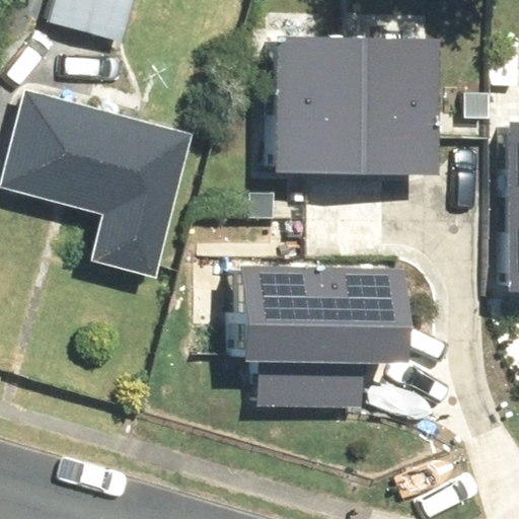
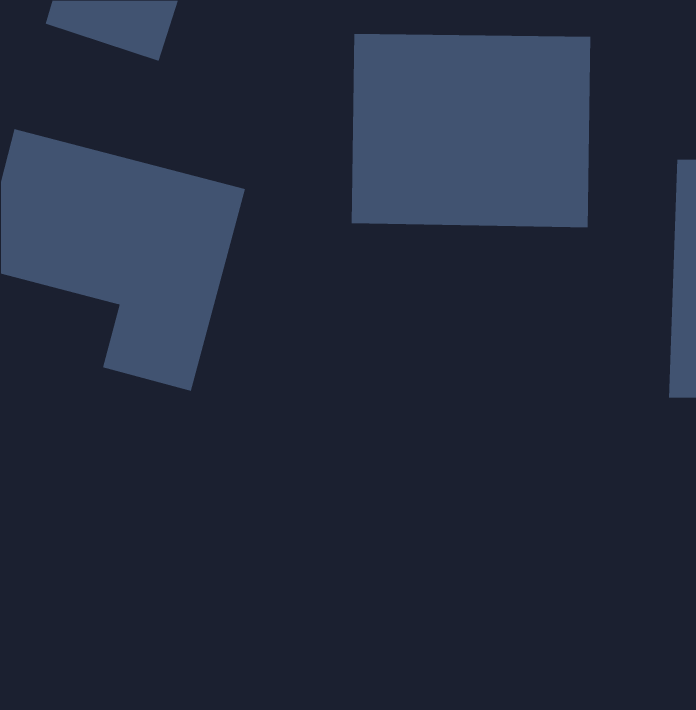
building: [239,263,404,403] -> none

